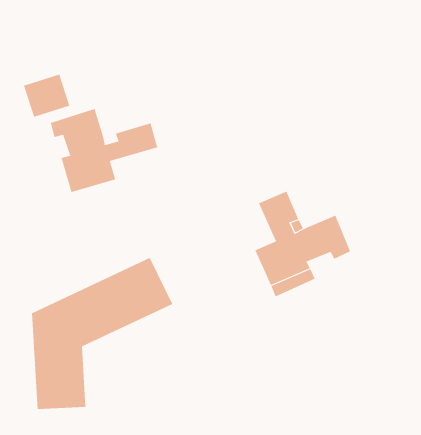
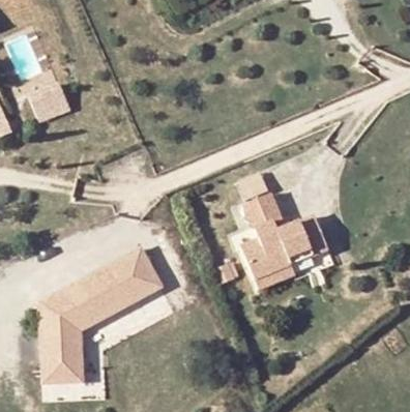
building: [50,108,158,193] -> none

